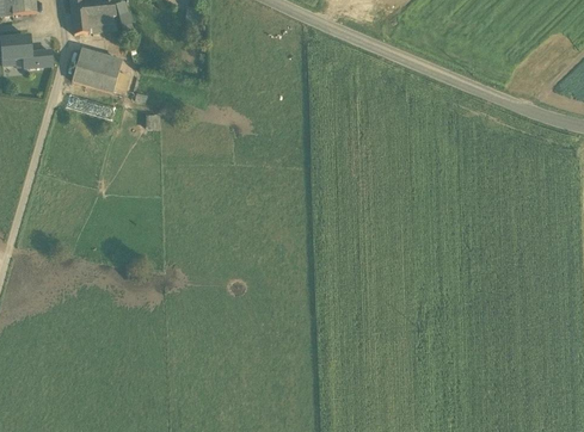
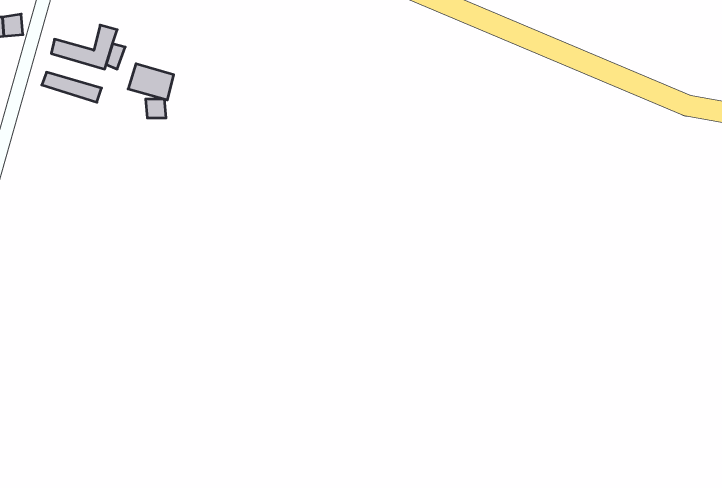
building: [75,50,110,78] -> [128,64,174,100]

